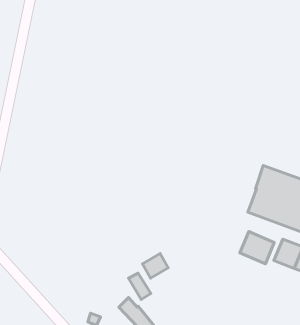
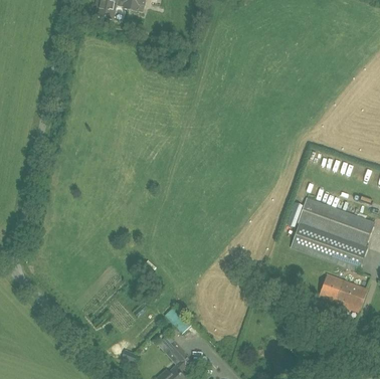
building: [240,232,274,264] -> none
building: [143,253,168,278] -> none

